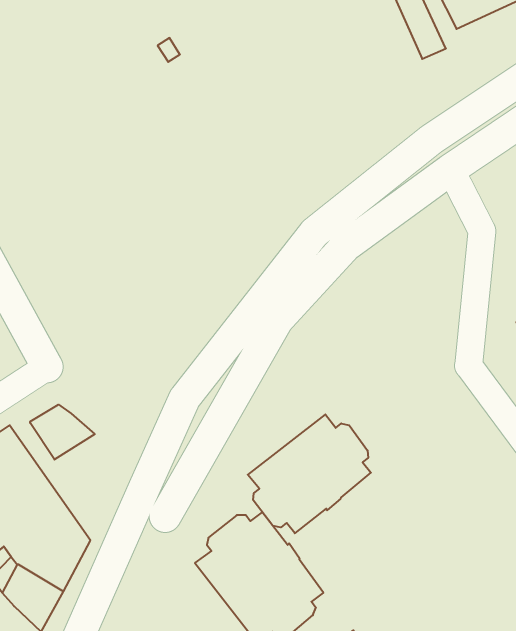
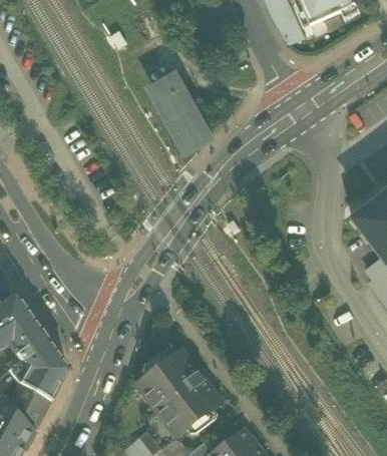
building: none -> [155,78,209,149]
building: [30,405,95,460] -> none
building: [248,414,371,533] -> none

